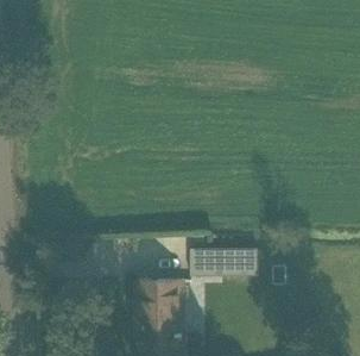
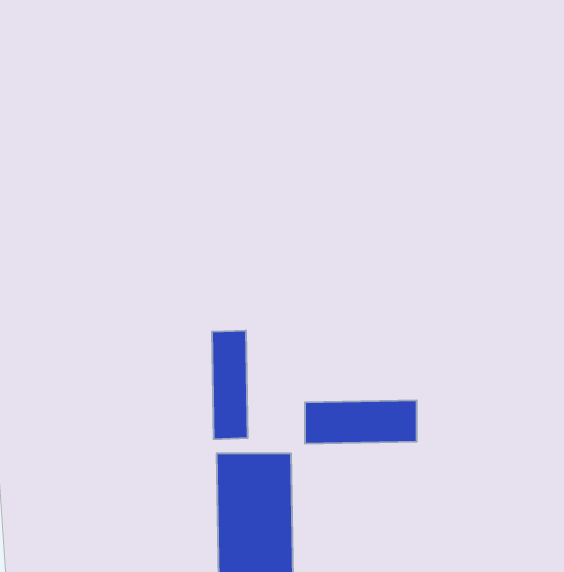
building: none -> [212,330,247,439]

